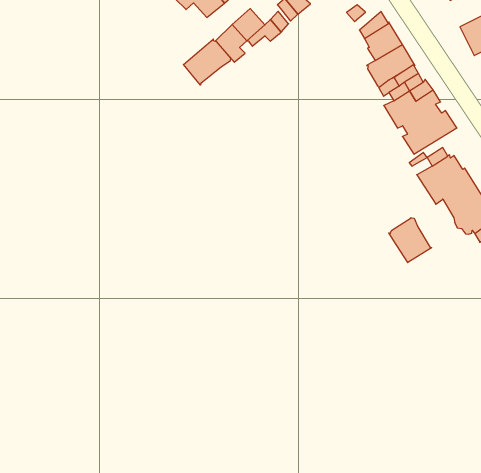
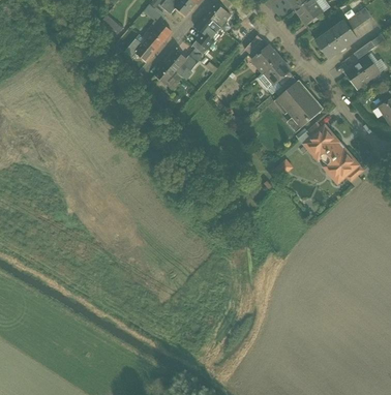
building: [183,39,231,85] -> none
building: [389,218,432,263] -> none

